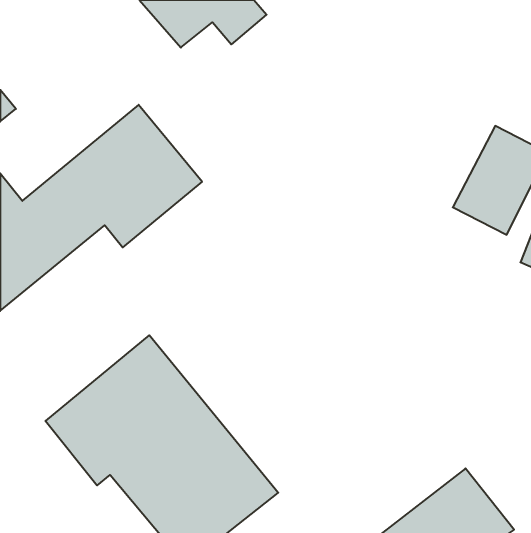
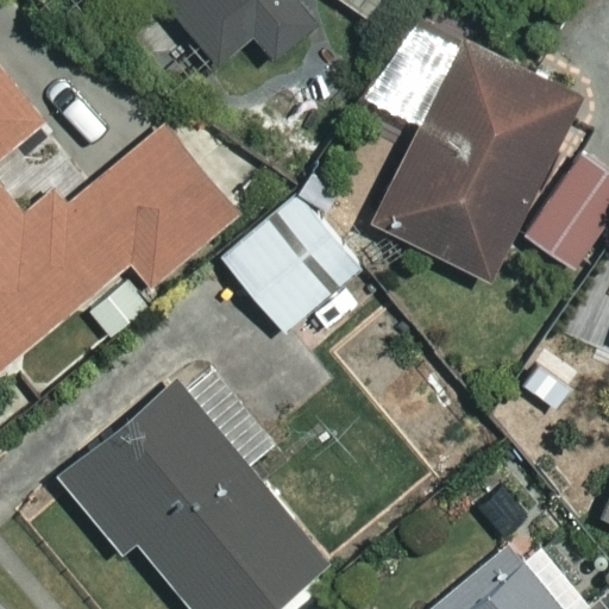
building: none -> [371,38,580,278]
building: none -> [220,192,363,334]

